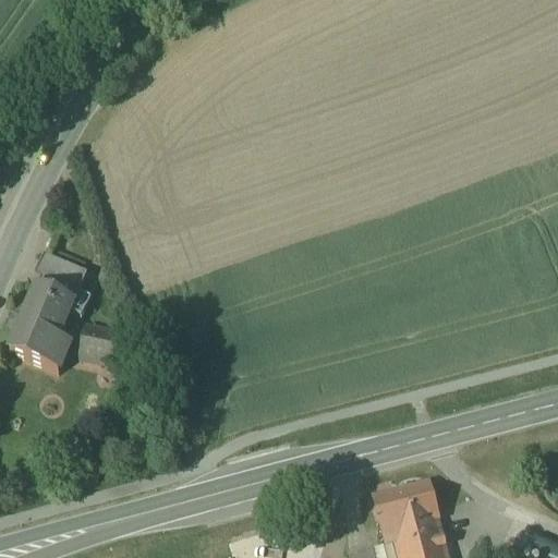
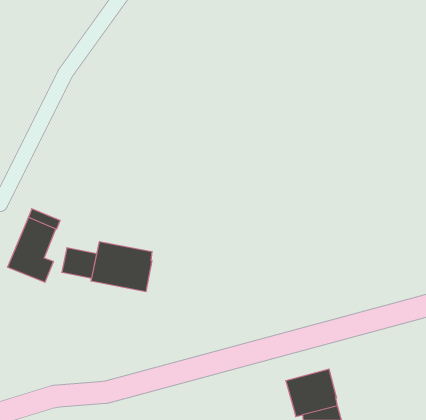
building: [36,251,82,286] -> none
building: none -> [91,242,152,292]

